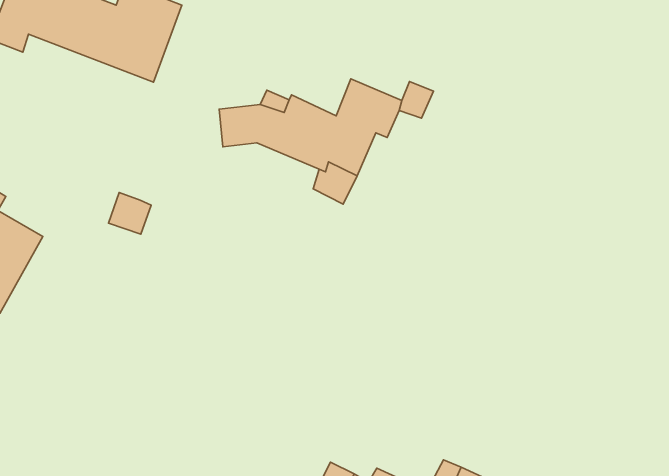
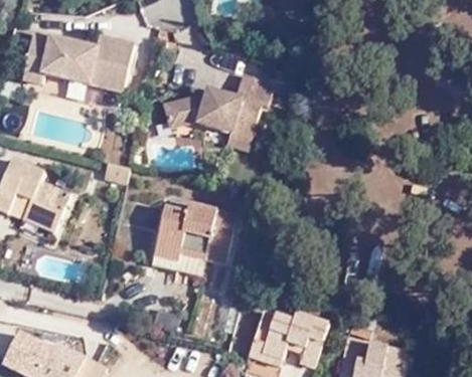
building: none -> [150,201,232,277]

